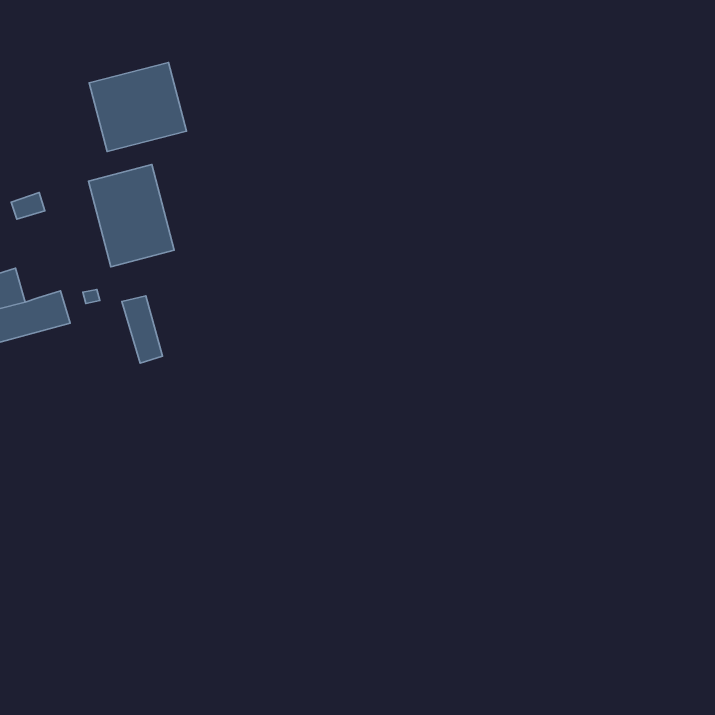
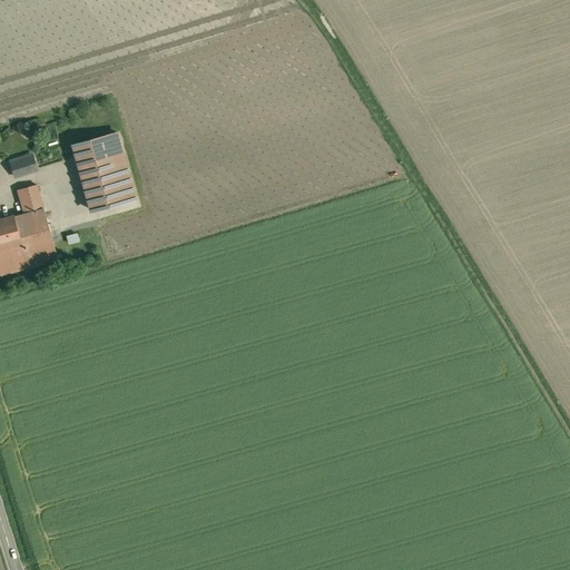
building: [89,62,186,152] -> none
building: [122,296,163,363] -> [16,183,48,236]

